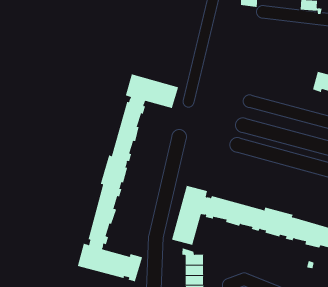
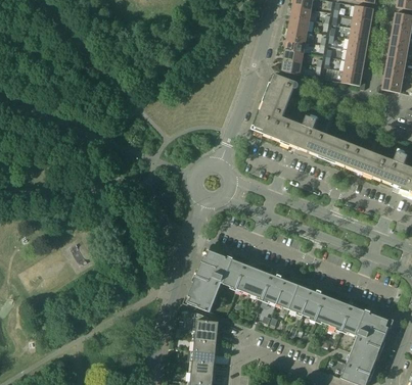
building: none -> [254,73,353,164]
building: [77,74,179,282] -> none

